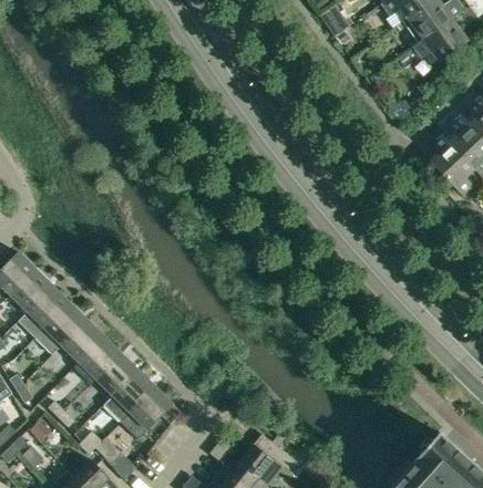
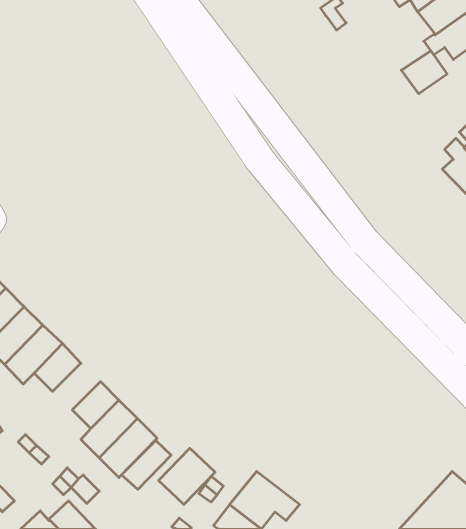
building: none -> [401,51,447,94]
building: [78,336,121,378] -> none
building: none -> [121,440,171,489]
building: none -> [159,448,215,504]

